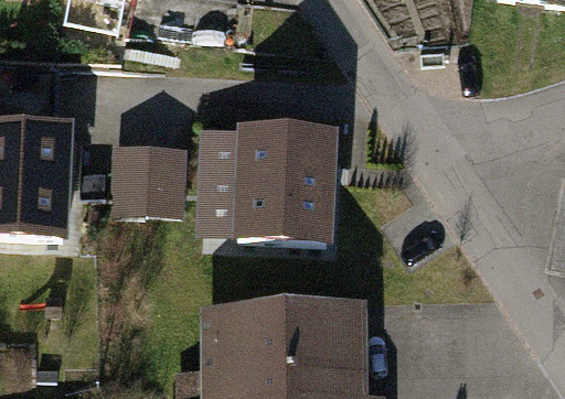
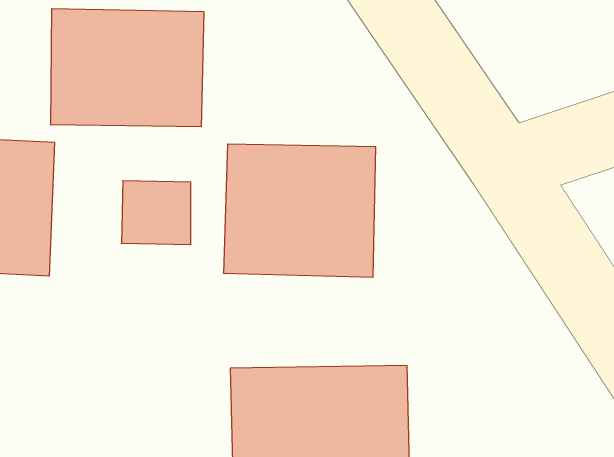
building: none -> [51,9,204,127]

